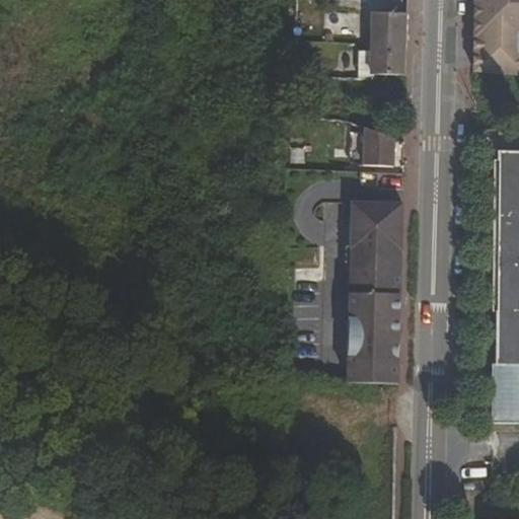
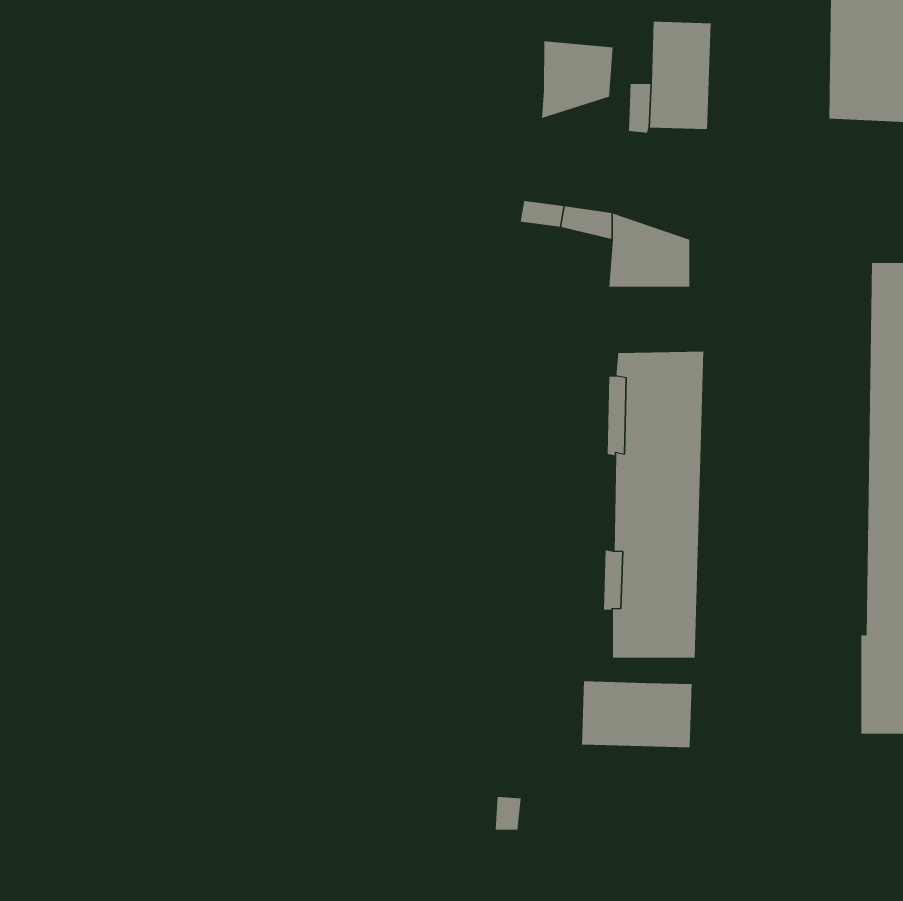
building: none -> [541,40,613,119]
building: none -> [581,680,692,748]

